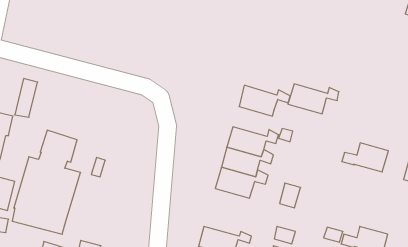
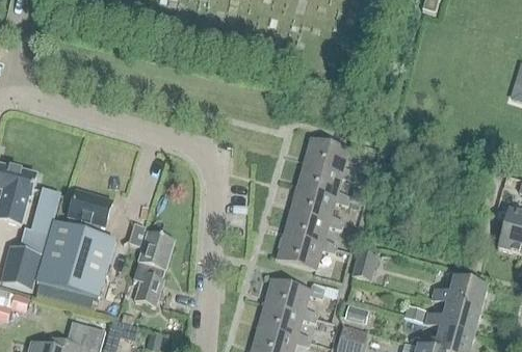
building: [15,79,38,117] -> [31,183,58,228]
building: [288,84,339,114] -> [296,160,357,195]
building: [342,143,388,172] -> [432,276,487,310]
building: none -> [133,228,175,304]
building: none -> [262,276,323,313]

